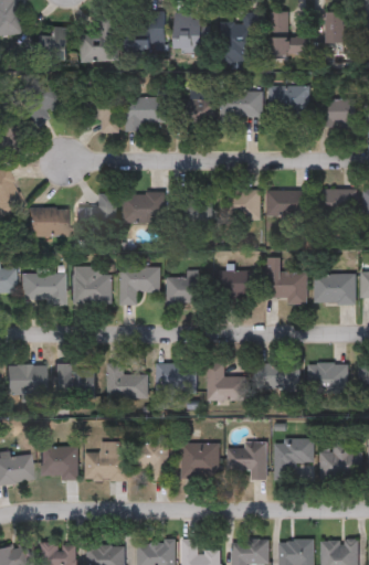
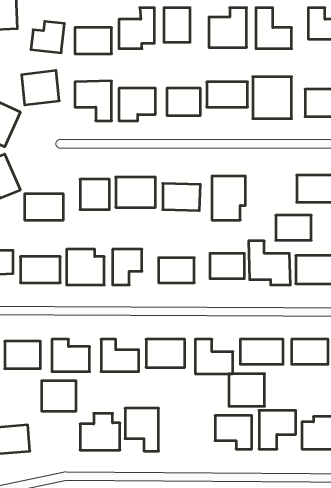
building: [266,191,304,217] -> [276,215,311,240]
building: [182,441,220,476] -> [229,374,265,406]
building: [42,446,78,478] -> [42,381,76,411]

